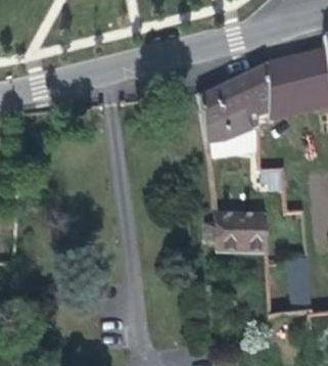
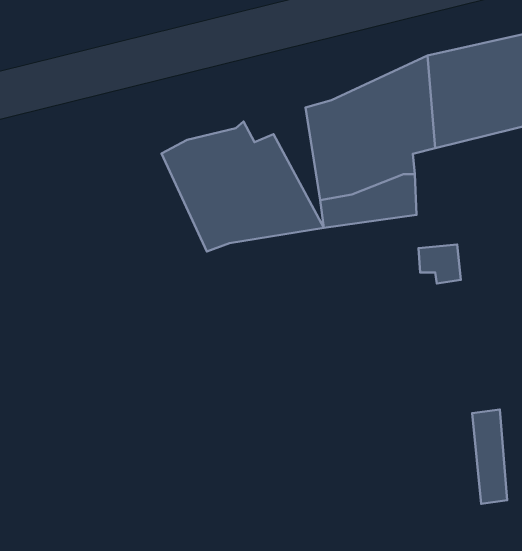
building: none -> [162,122,324,252]
building: [206,214,264,253] -> none

